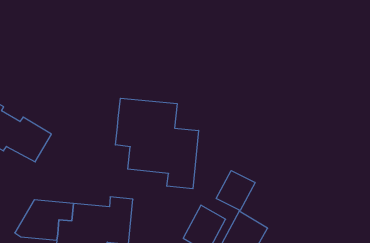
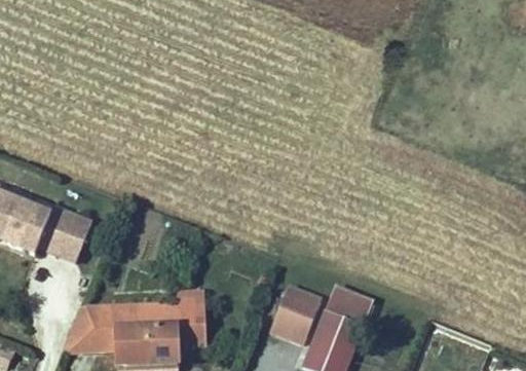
building: [115,98,199,189] -> none
building: [216,171,255,210] -> none

